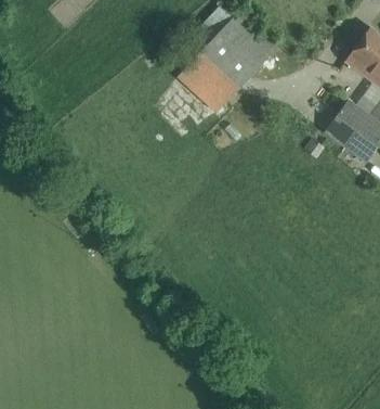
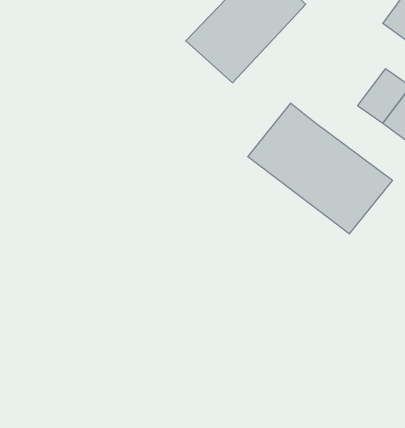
building: none -> [248,103,392,234]

